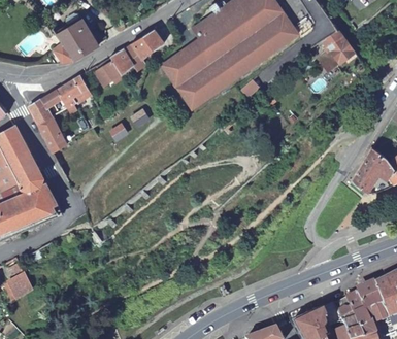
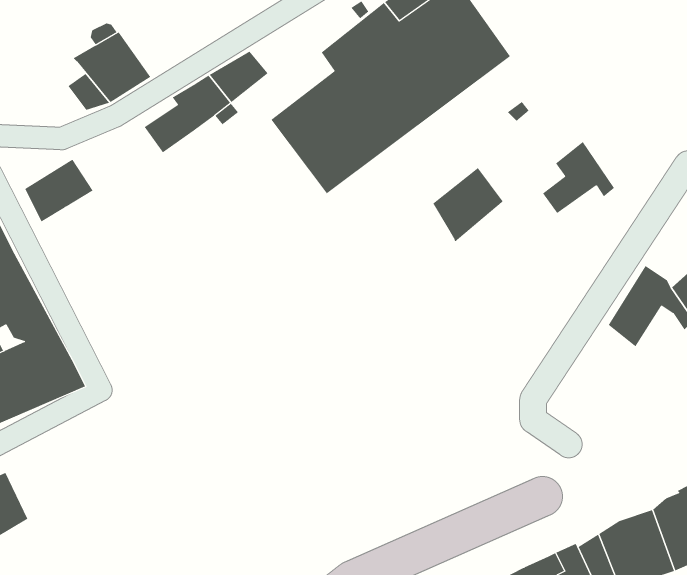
building: [318,29,358,69] -> [542,141,615,214]
building: [56,75,88,107] -> none
building: none -> [433,167,503,243]
building: [38,116,67,152] -> none

